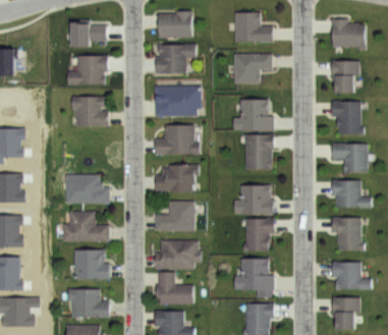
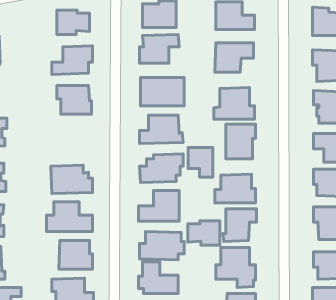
building: none -> [188,148,213,177]
building: none -> [188,221,220,245]

